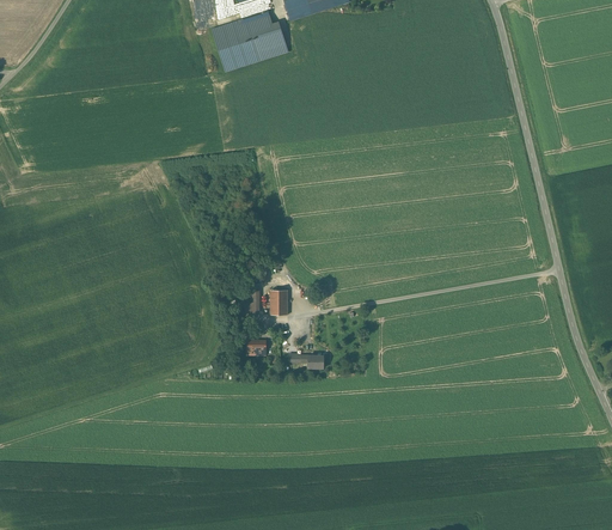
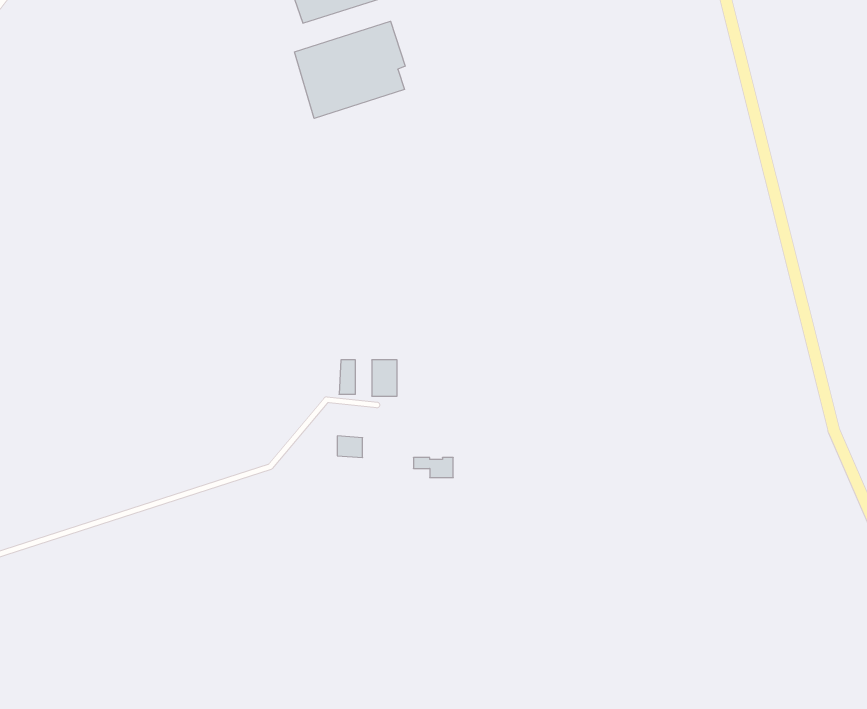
building: none -> [294,21,405,118]

